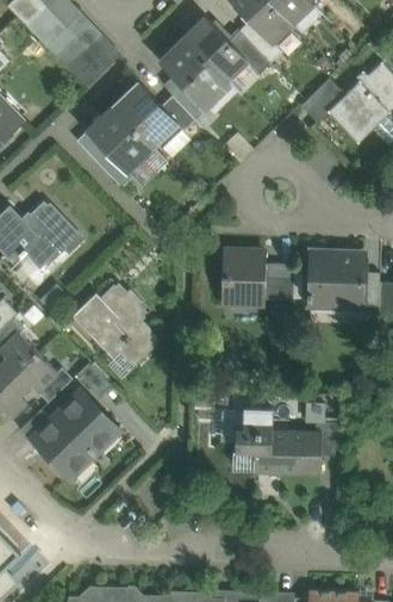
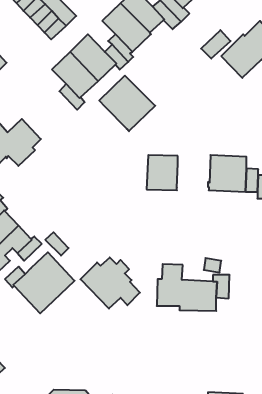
building: none -> [99,76,155,131]
building: [264,265,294,300] -> none
building: [73,285,157,358] -> [80,257,140,309]

